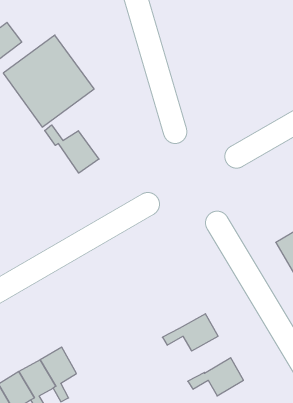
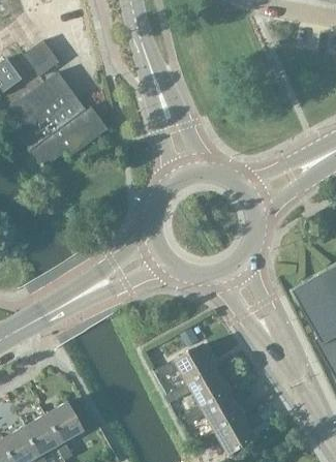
building: none -> [25,40,61,78]
building: [45,125,99,173] -> none
building: none -> [159,344,218,382]
building: none -> [186,391,245,430]

